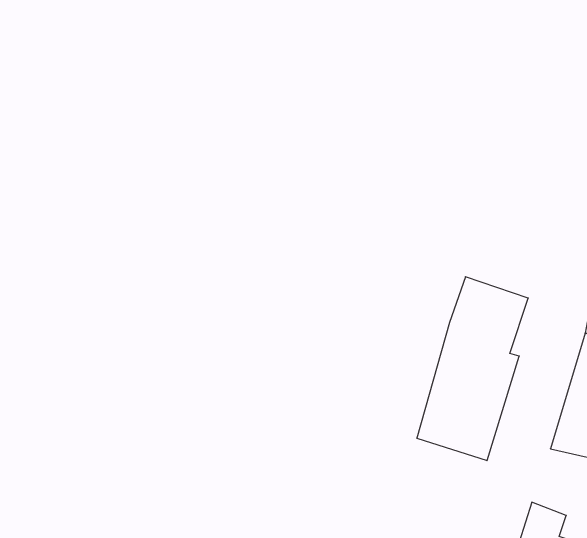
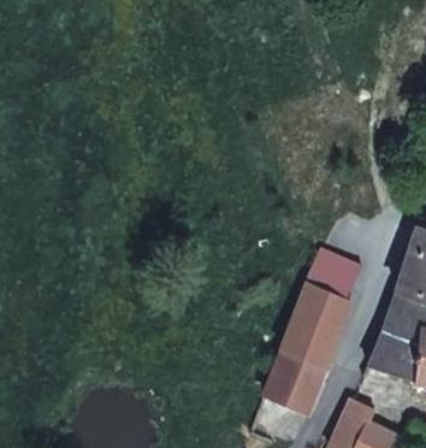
building: none -> [264,349,325,412]

